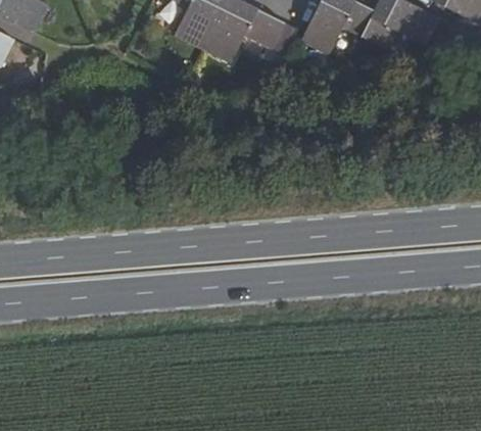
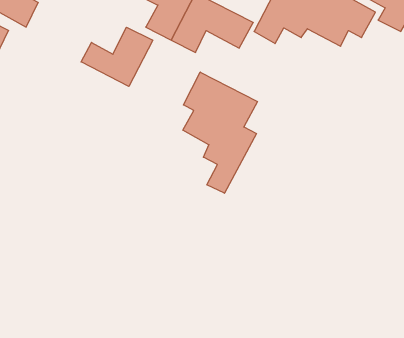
building: none -> [81,27,153,86]
building: none -> [183,72,257,193]

